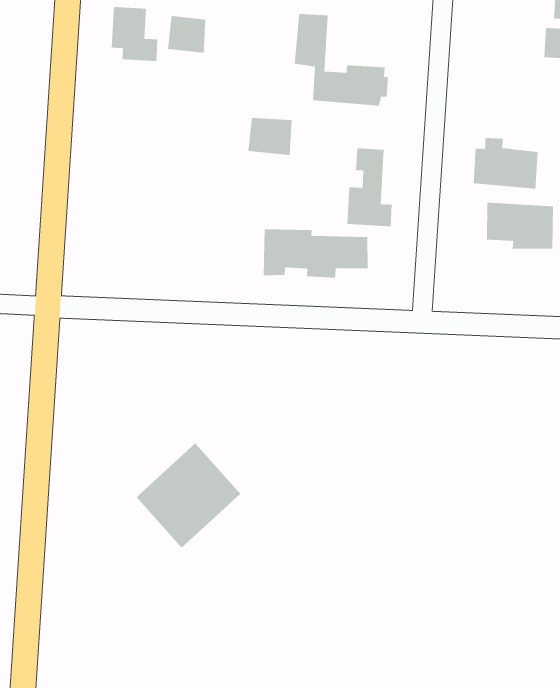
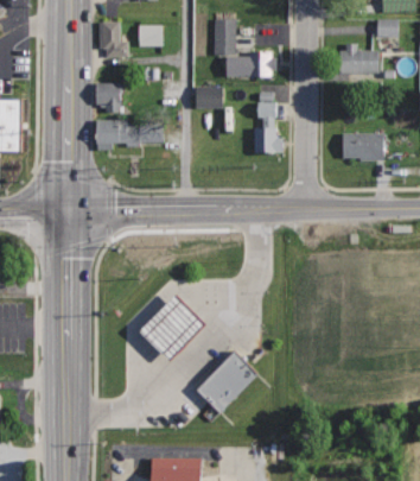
building: none -> [97,82,123,112]
building: [473,137,538,189] -> [339,43,380,74]
building: [263,229,368,278] -> [96,119,164,150]
building: none -> [198,349,260,411]

